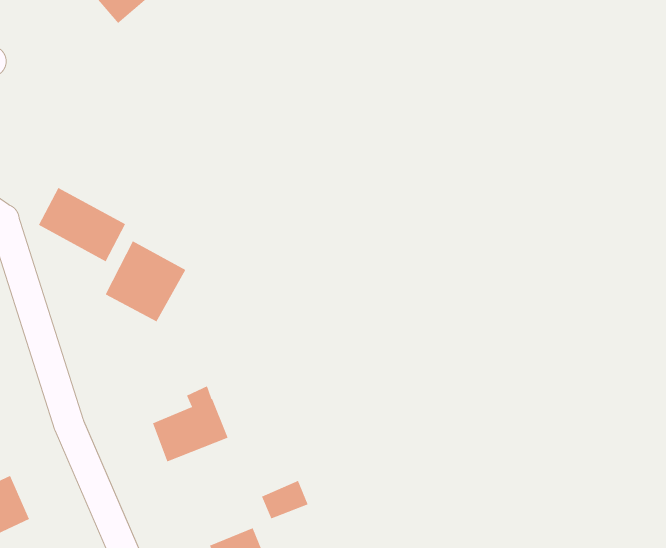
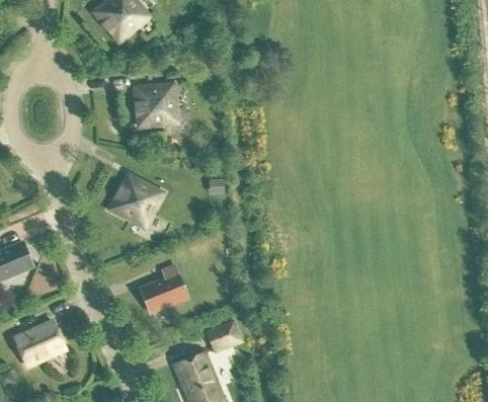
building: none -> [135,84,175,125]
building: [38,187,126,262] -> none

